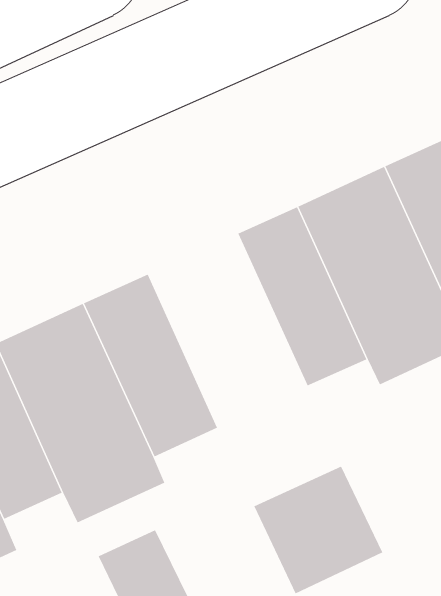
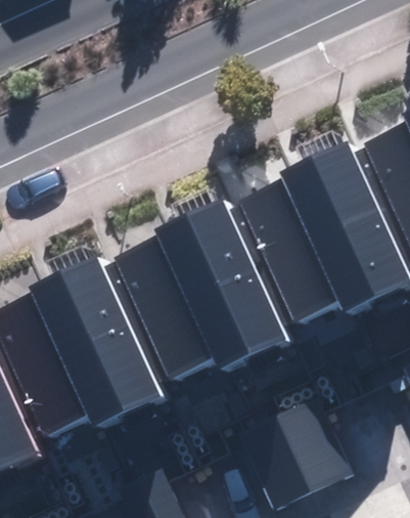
building: none -> [149,200,292,384]

